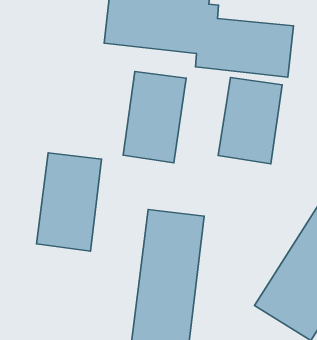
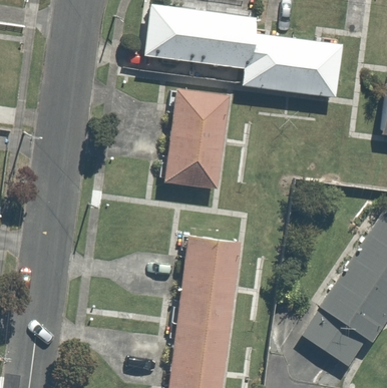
building: [218,77,282,164] -> none
building: [36,153,101,251] -> none

